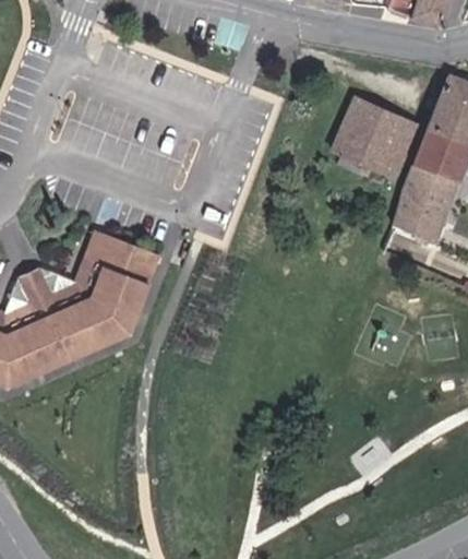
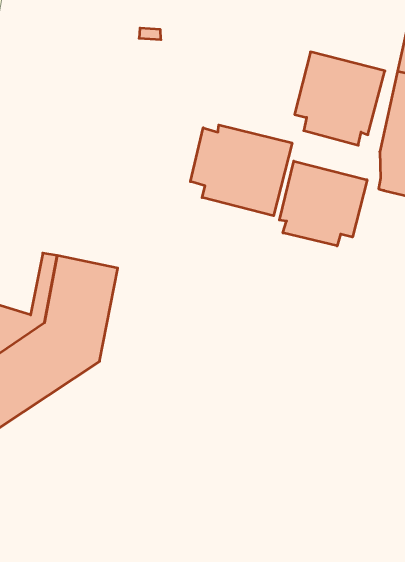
building: none -> [190,125,292,216]
building: none -> [279,161,367,246]

